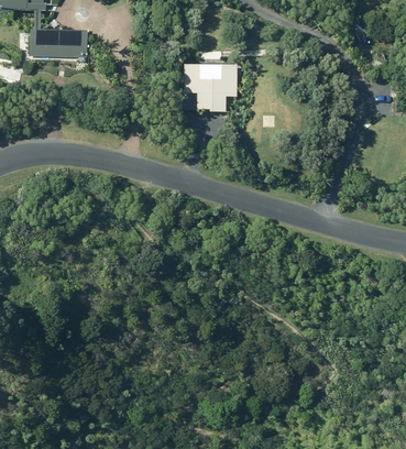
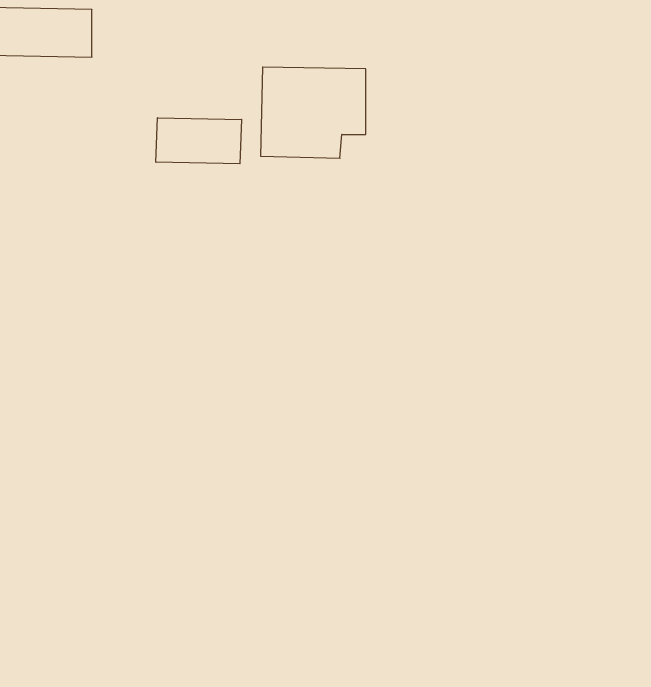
building: none -> [156,118,242,164]

